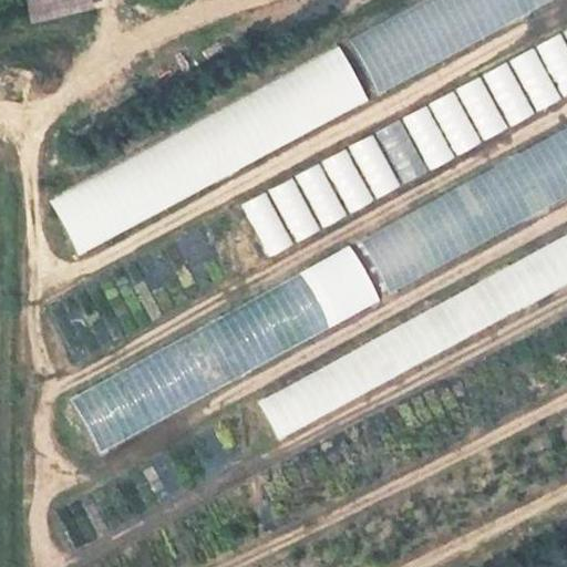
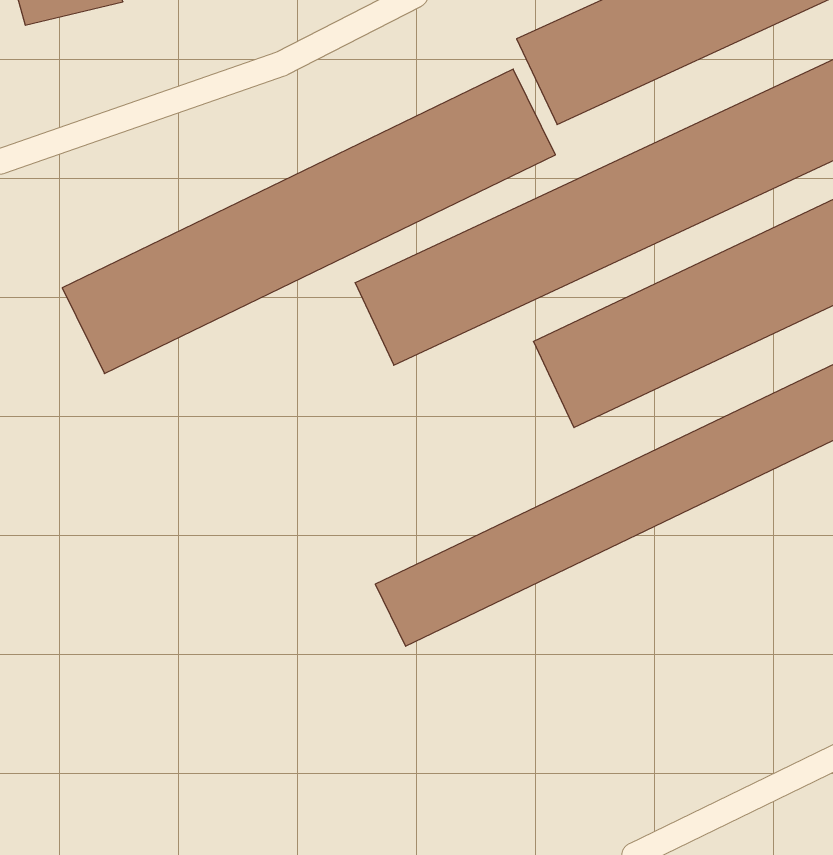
building: [80,250,395,440] -> none

